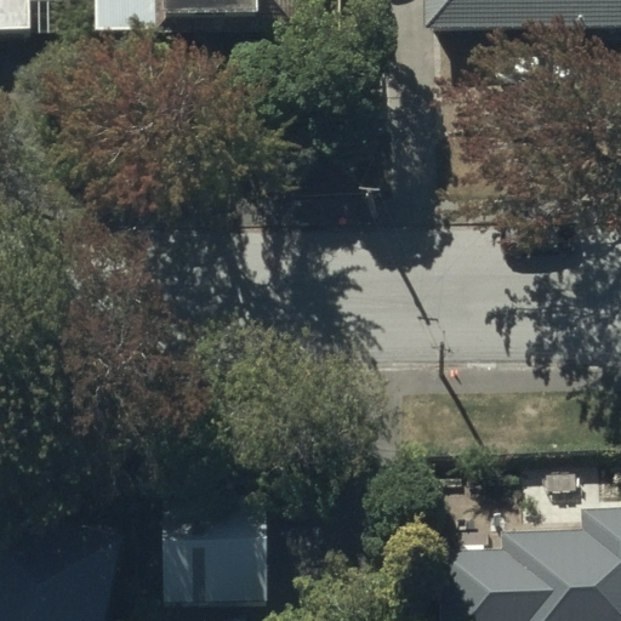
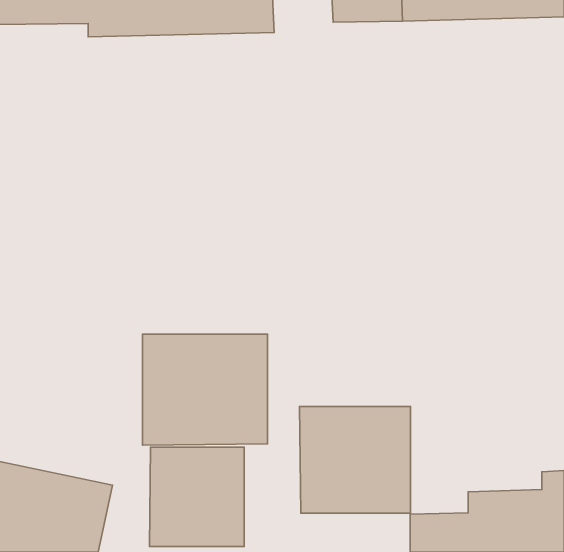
building: none -> [142,334,267,445]
building: none -> [299,406,411,513]

